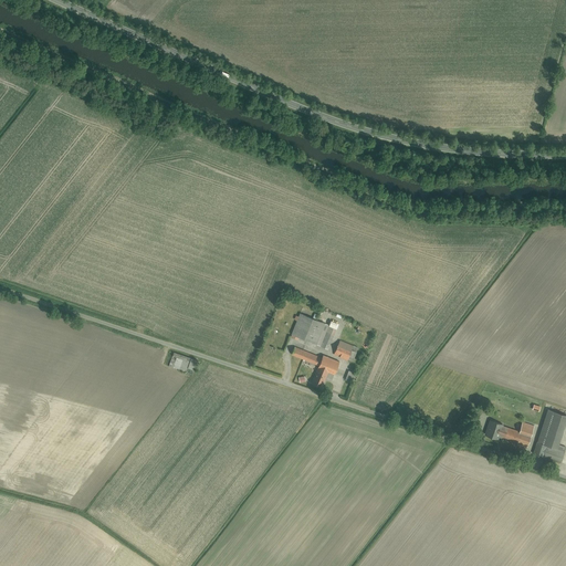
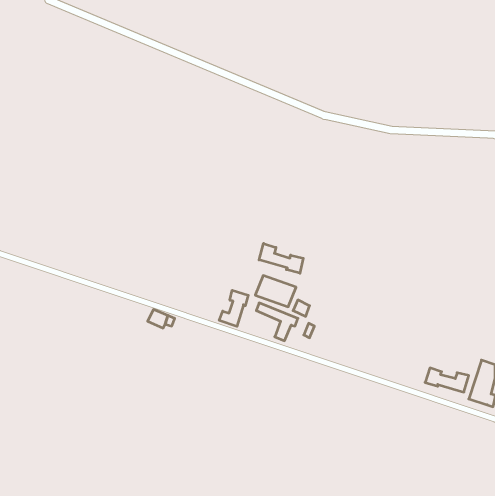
building: none -> [259,243,303,273]
building: none -> [219,290,248,326]

